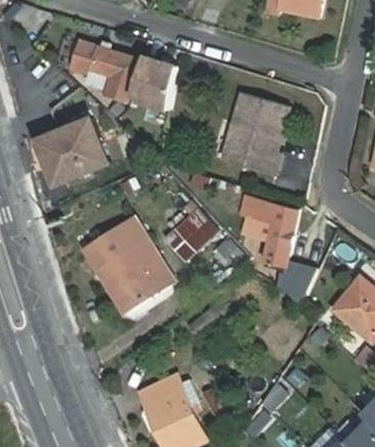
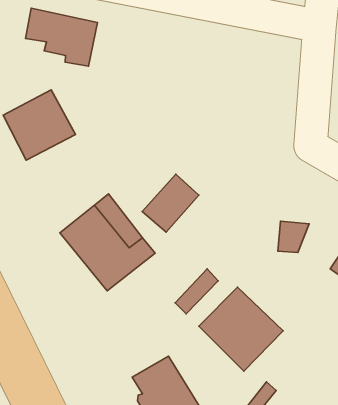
building: [131,56,177,110] -> none
building: [224,93,290,175] -> none
building: [239,194,298,266] -> none
building: none -> [199,287,283,371]

